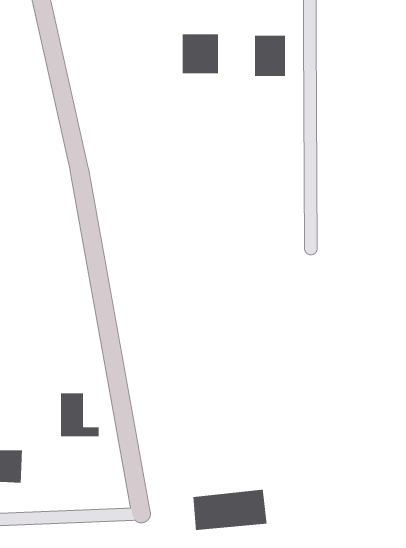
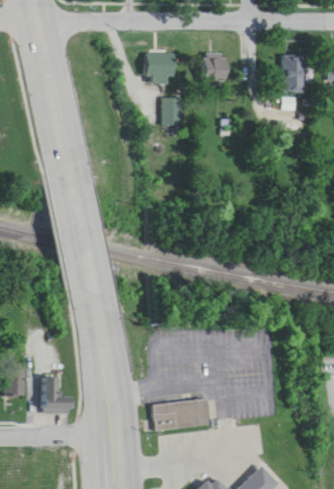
building: none -> [281,56,302,95]
building: none -> [163,100,184,127]
building: [60,392,100,437] -> [44,379,74,413]

